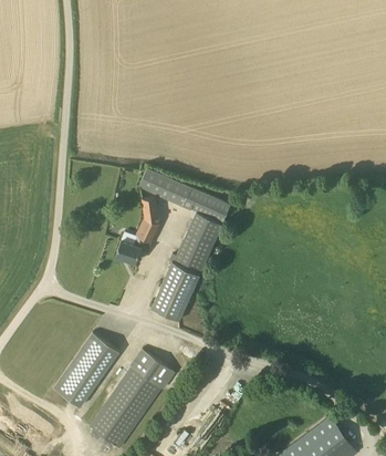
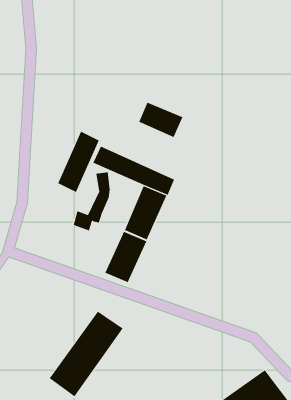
building: none -> [138,102,183,138]
building: none -> [58,131,99,193]
building: [54,332,118,406] -> none

